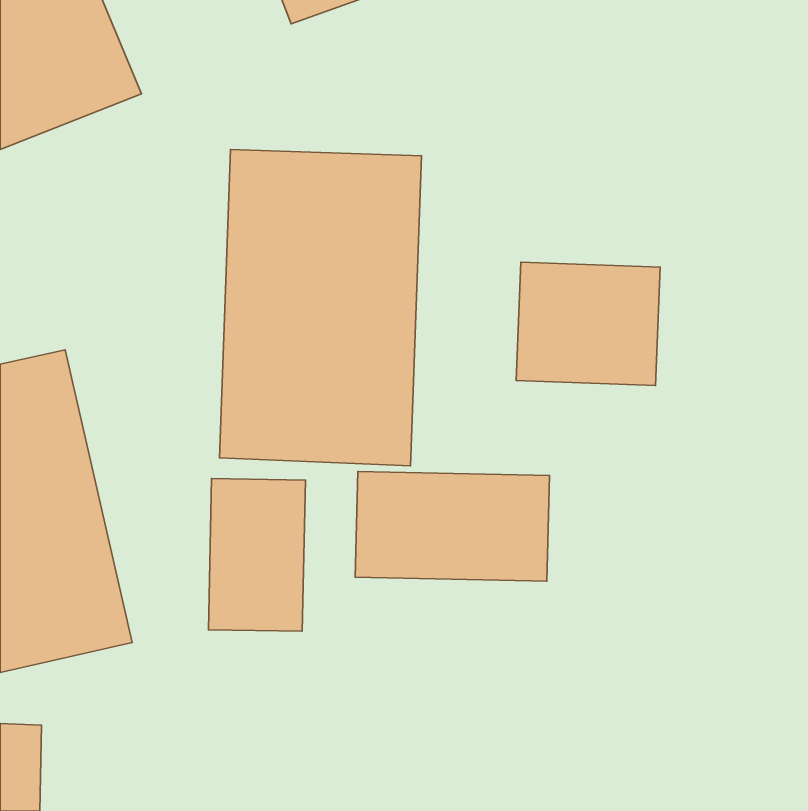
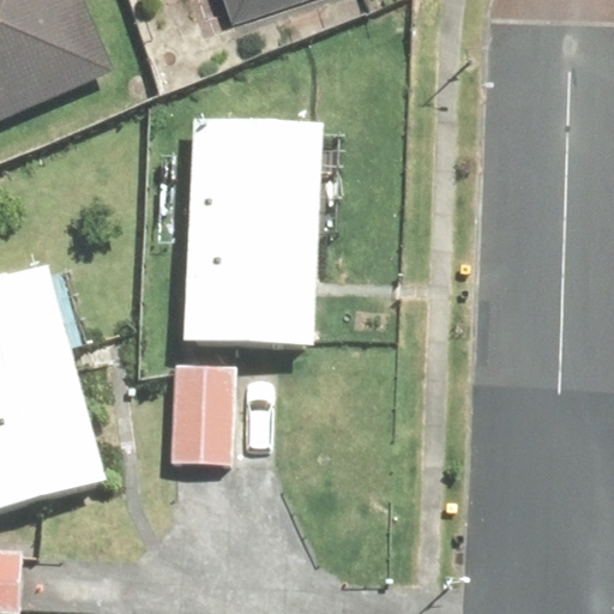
building: [516,262,660,385] -> none
building: [355,471,550,581] -> none

